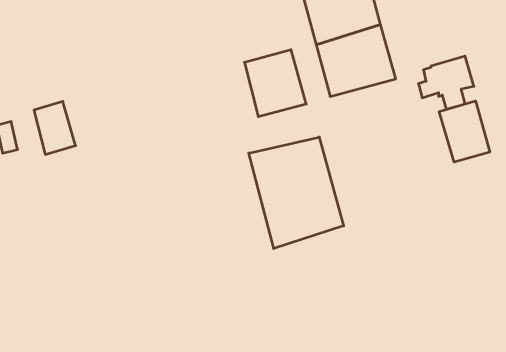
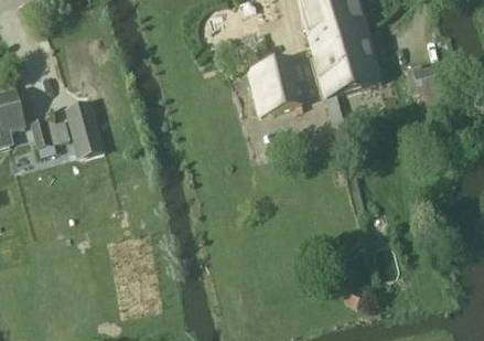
building: [439,101,490,162] -> none
building: [249,137,344,249] -> none

